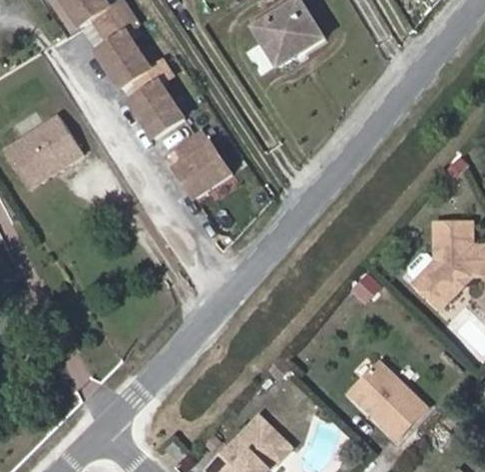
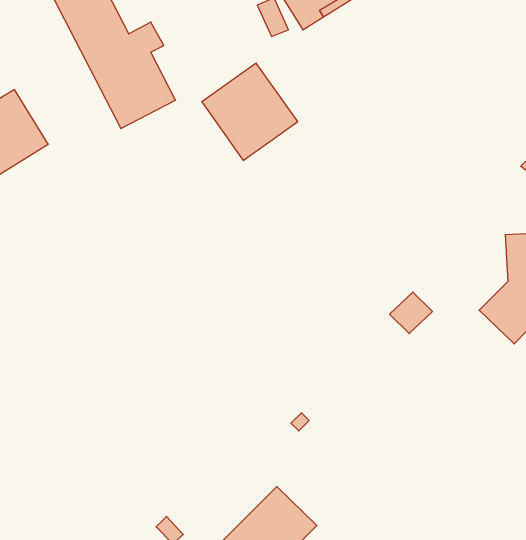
building: [157,126,231,201] -> [202,63,298,160]
building: [352,362,429,439] -> none

